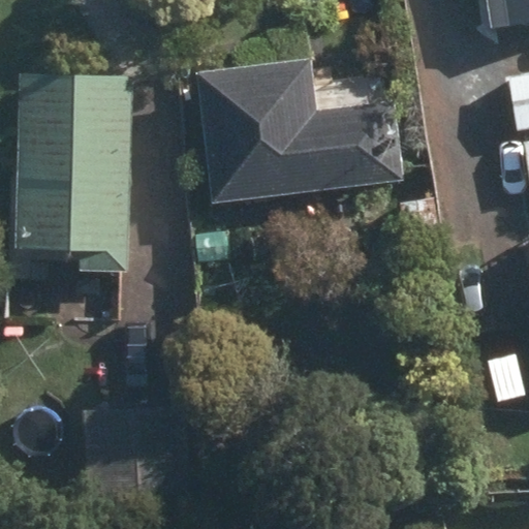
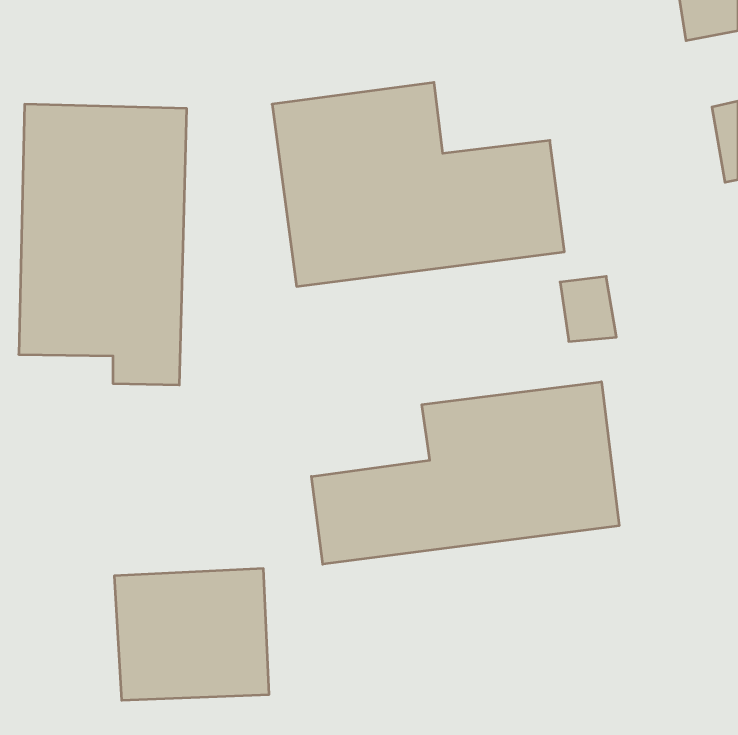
building: none -> [311,382,619,564]

